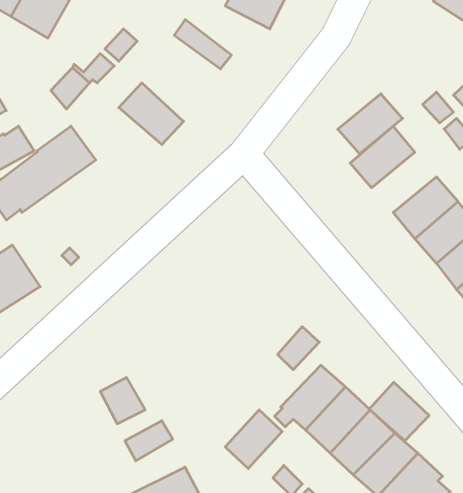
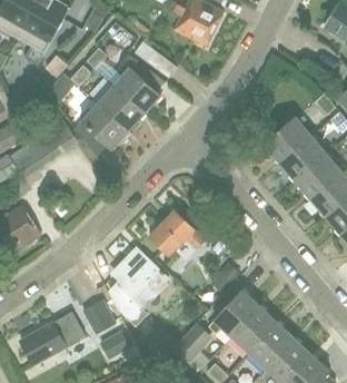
building: none -> [112,53,166,114]
building: [338,94,403,154] -> [278,136,325,179]
building: none -> [75,104,127,157]
building: none -> [148,208,208,254]
building: none -> [113,248,168,325]
building: [369,382,429,441] -> none
building: none -> [19,311,83,362]

